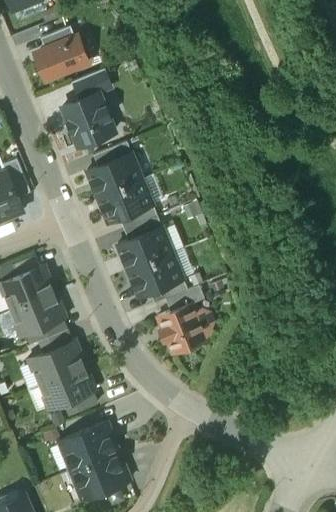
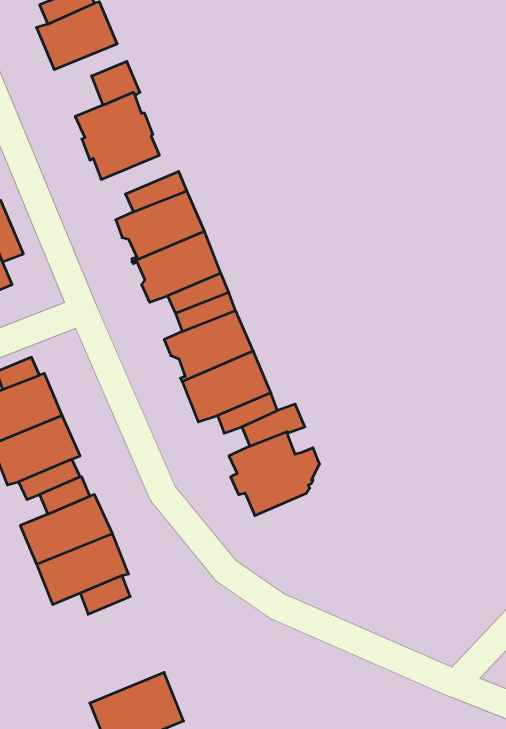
building: [58,422,117,470] -> none

